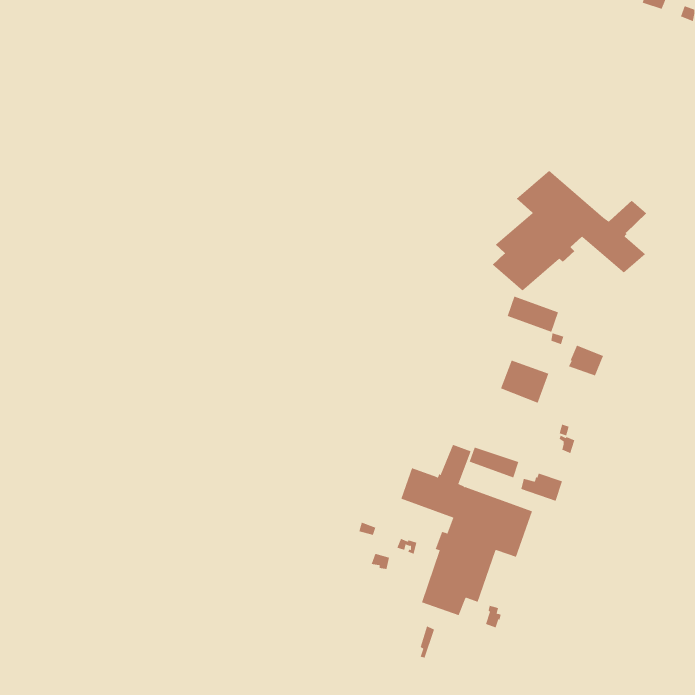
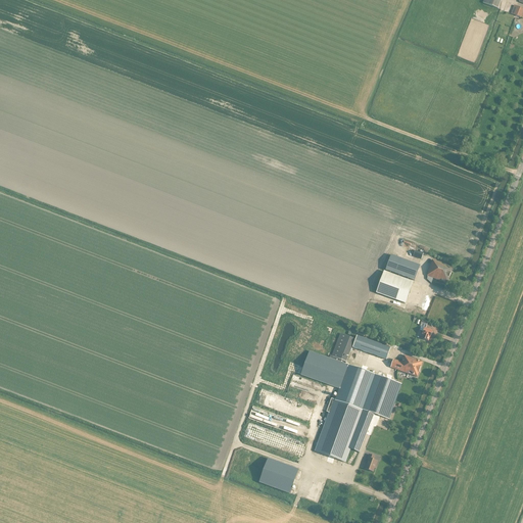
building: [492,170,647,291] -> none
building: [507,296,559,333] -> [380,252,419,280]
building: none -> [258,458,297,492]

